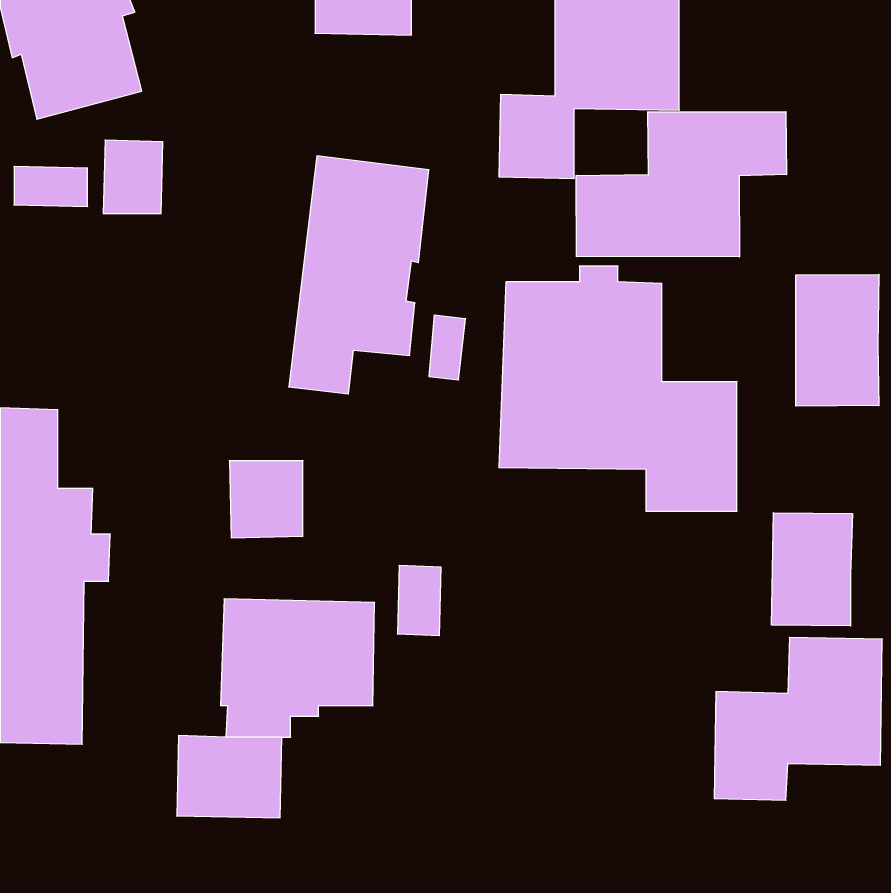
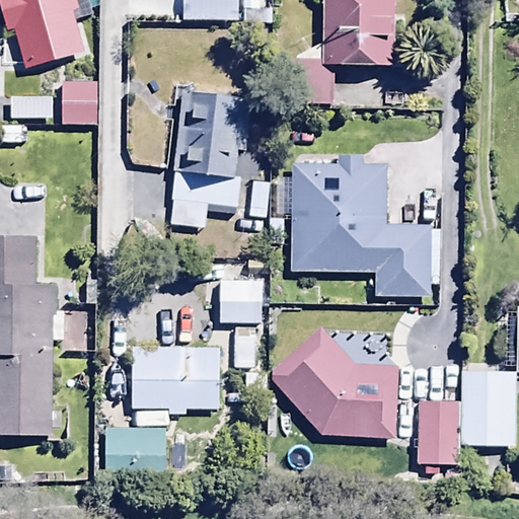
building: [576,112,787,257] -> none
building: [796,274,879,406] -> none
building: [229,461,303,538] -> [219,280,262,324]
building: [772,513,852,626] -> none
building: none -> [268,327,398,436]

